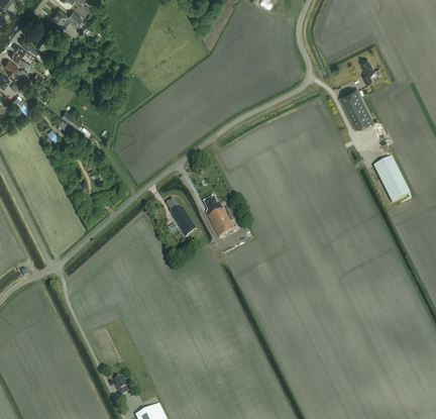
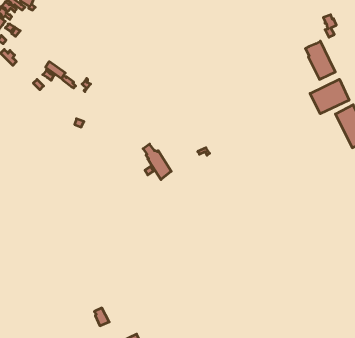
building: none -> [310,79,349,114]
building: [203,196,235,236] -> none

